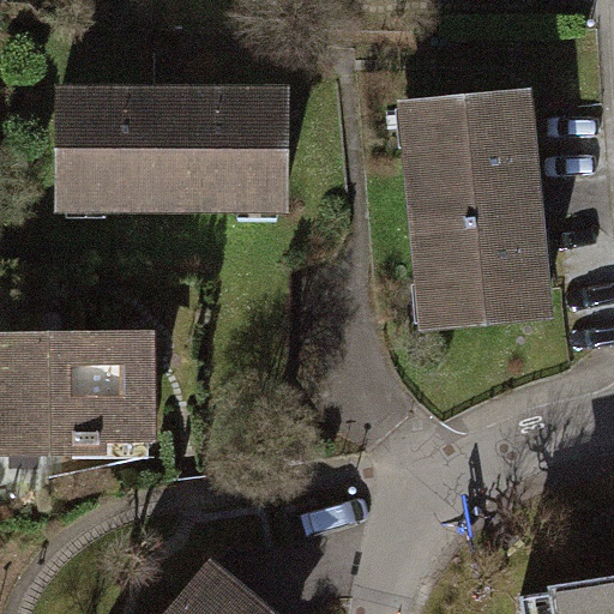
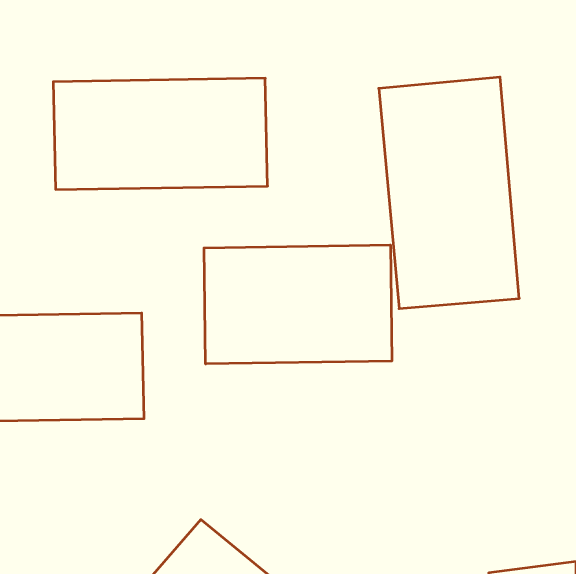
building: none -> [204,245,392,364]

